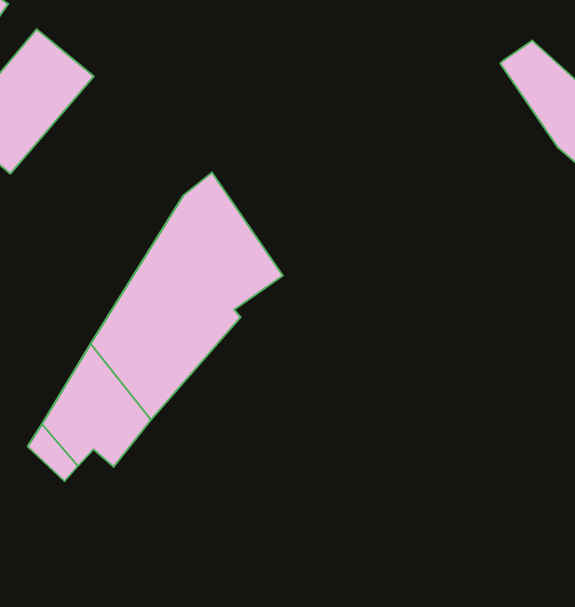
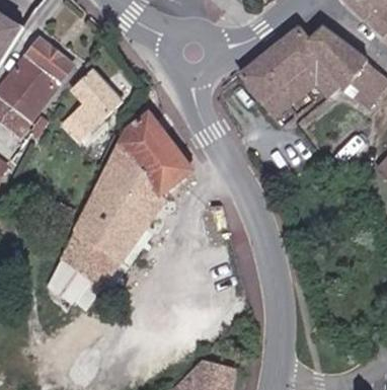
building: none -> [239,27,340,114]
building: none -> [60,71,117,139]

